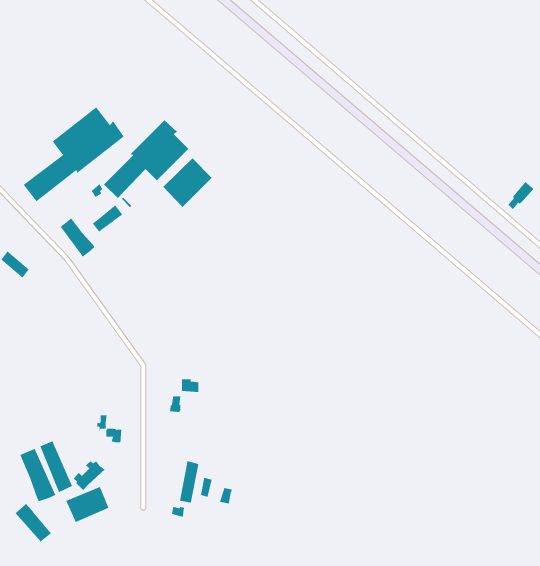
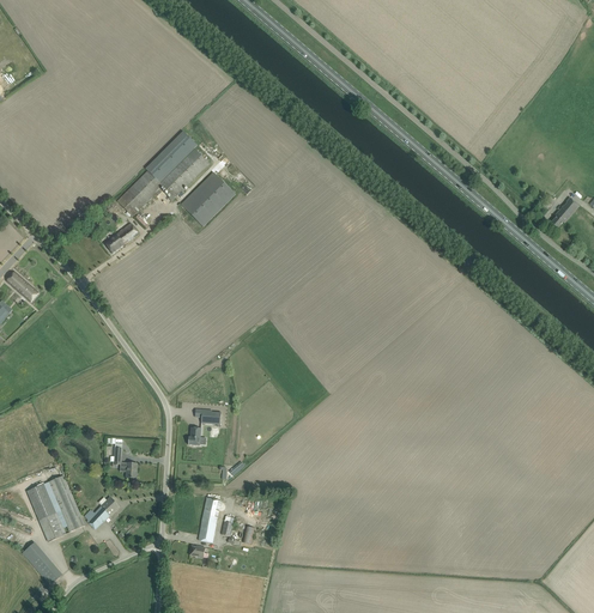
building: [23,106,125,202] -> none
building: [60,218,95,258] -> none
building: [66,486,109,523] -> none

